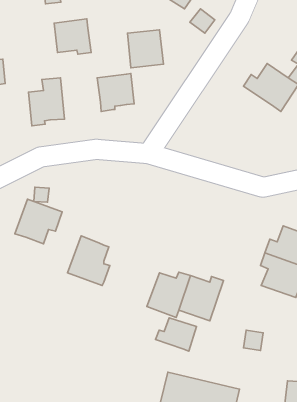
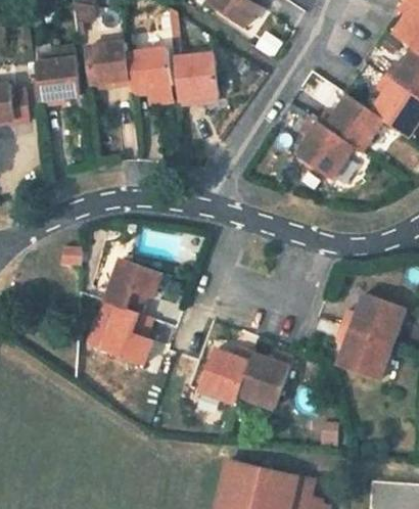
building: [97,73,134,111] -> [127,47,172,93]
building: [28,78,65,126] -> [35,45,79,103]
building: none -> [294,118,353,180]
building: [15,199,62,244] -> [105,259,162,313]
building: [155,318,197,351] -> none

